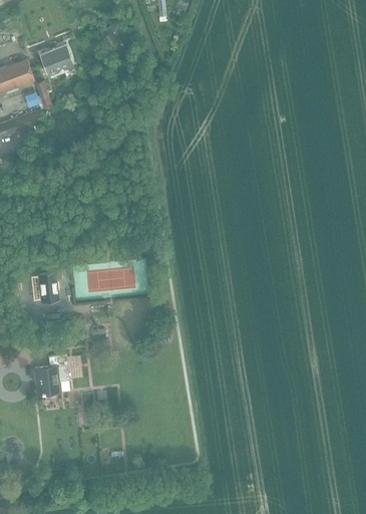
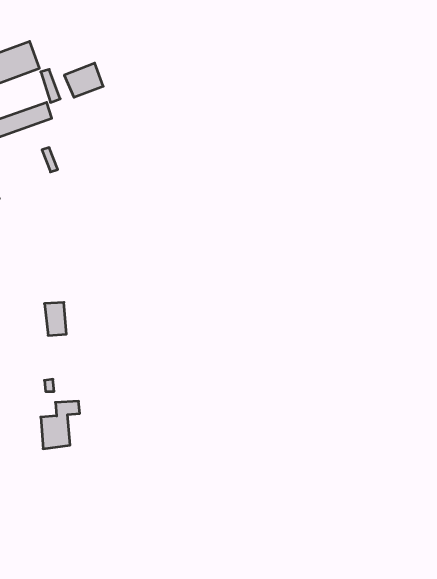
building: [39,46,71,74] -> [64,63,103,97]
building: [111,261,134,285] -> none
building: [87,265,106,285] -> none

